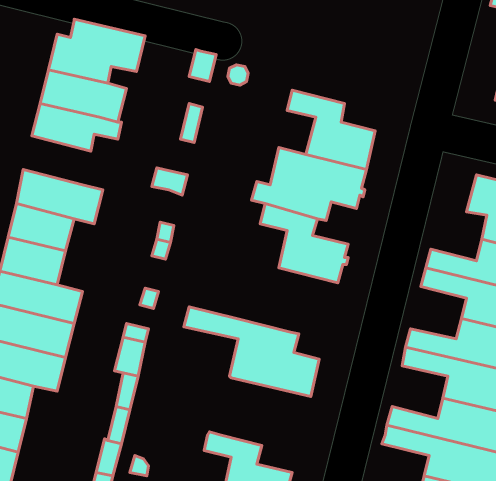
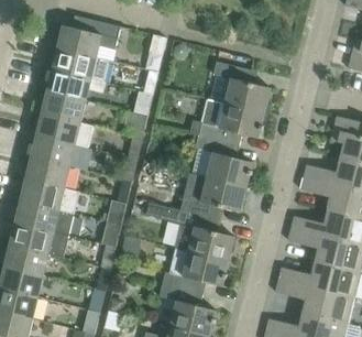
building: none -> [41,91,85,123]
building: none -> [179,177,245,219]
building: none -> [162,249,228,293]

